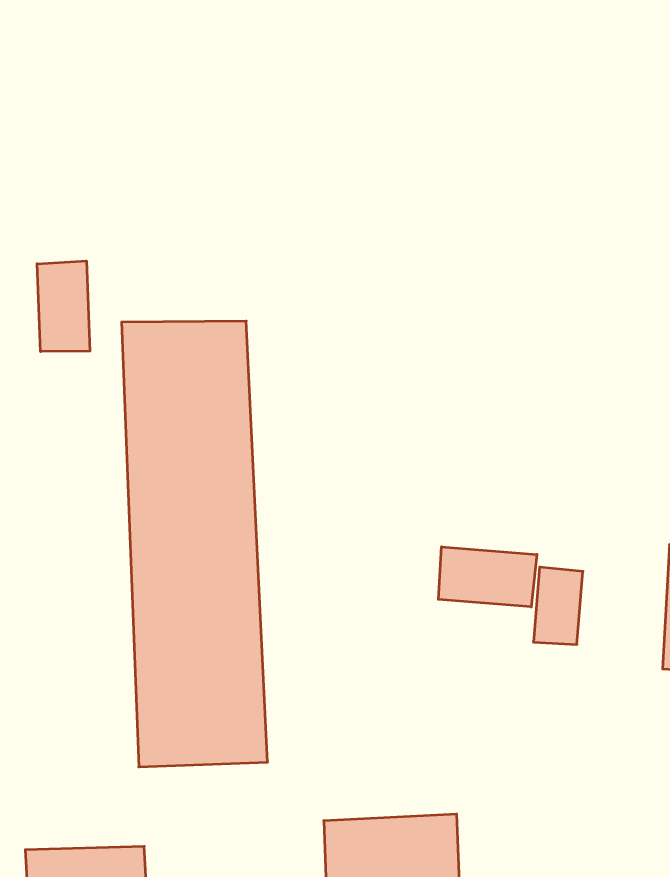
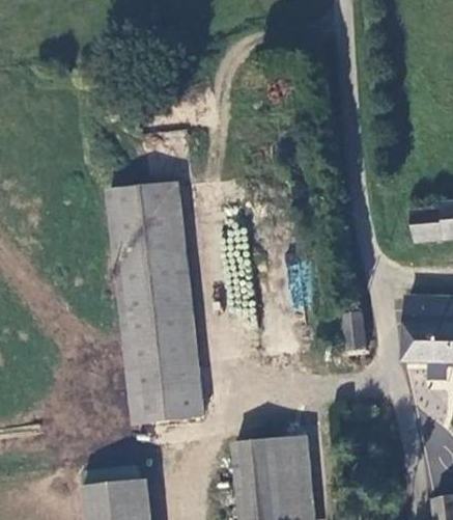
building: [37,261,90,352] -> none
building: [438,547,537,607] -> none

